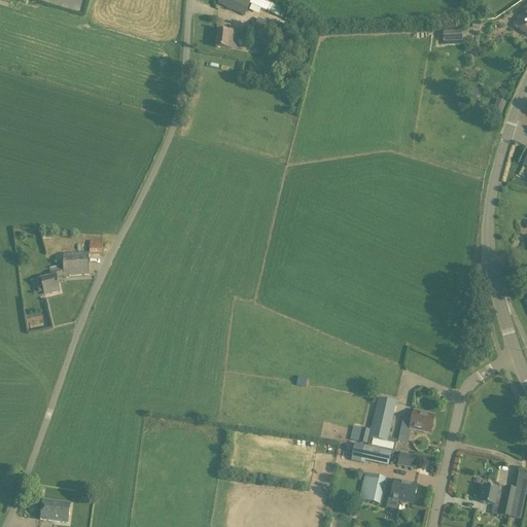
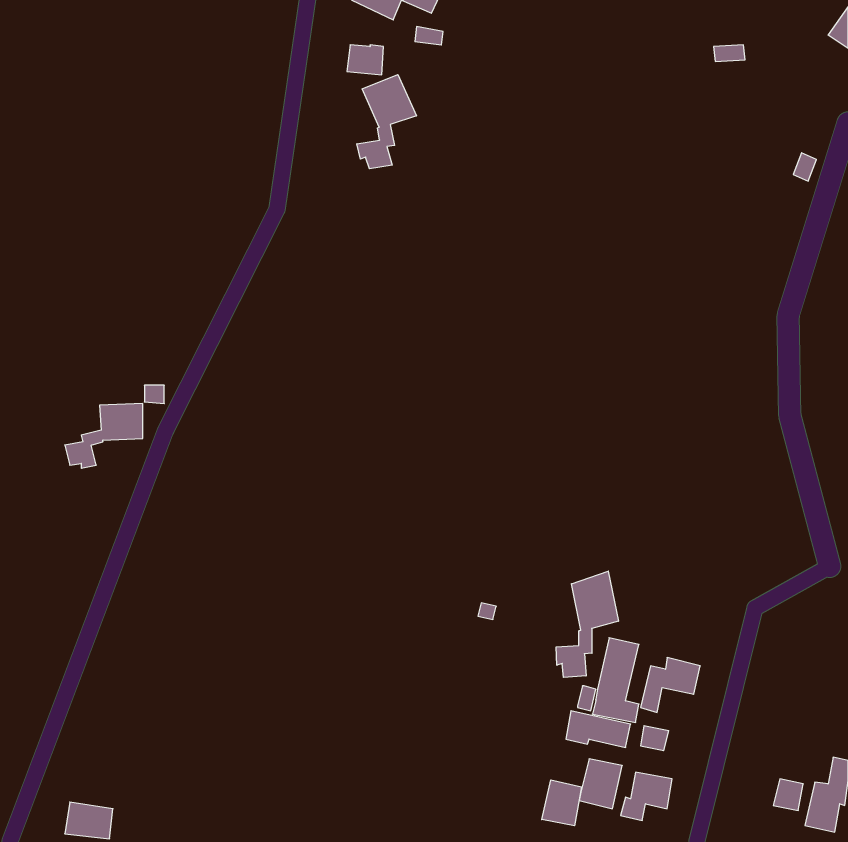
building: none -> [357,75,416,169]
building: none -> [556,571,618,677]
building: none -> [542,780,582,826]

